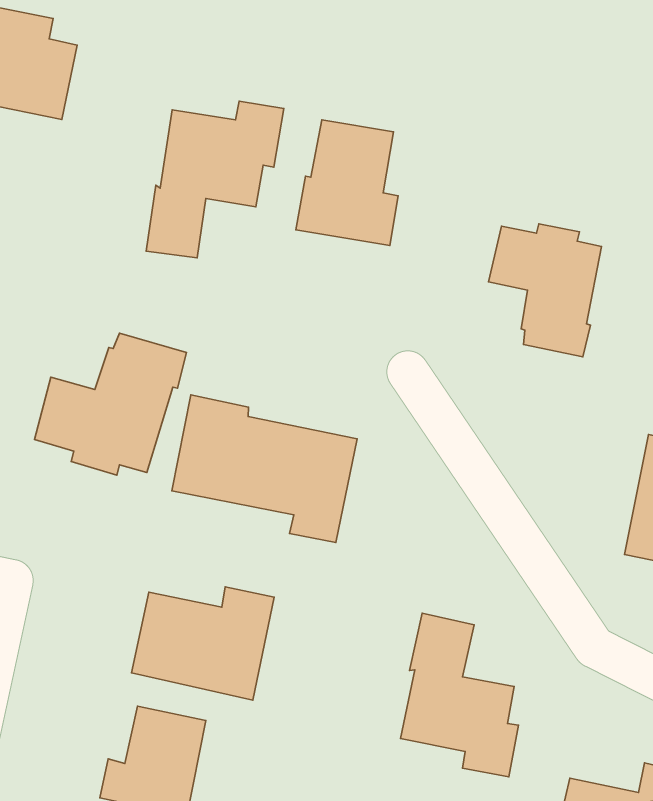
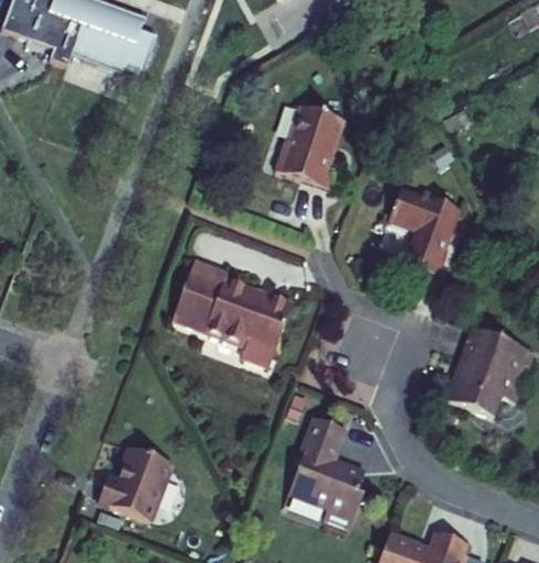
building: [146,101,284,258] -> none
building: [34,333,186,475] -> none
building: [132,587,274,700] -> none

